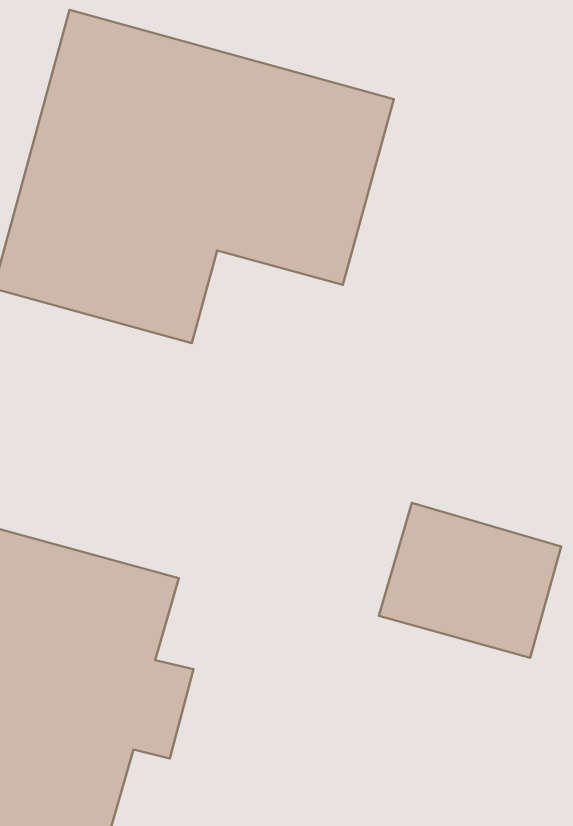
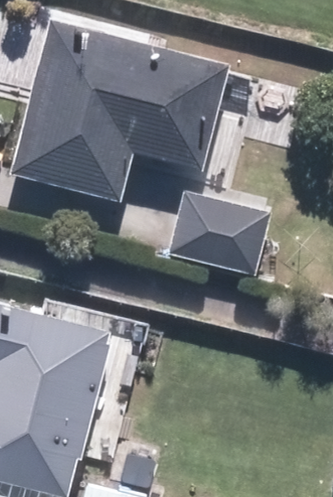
building: [379,503,561,658] -> [167,192,267,277]

